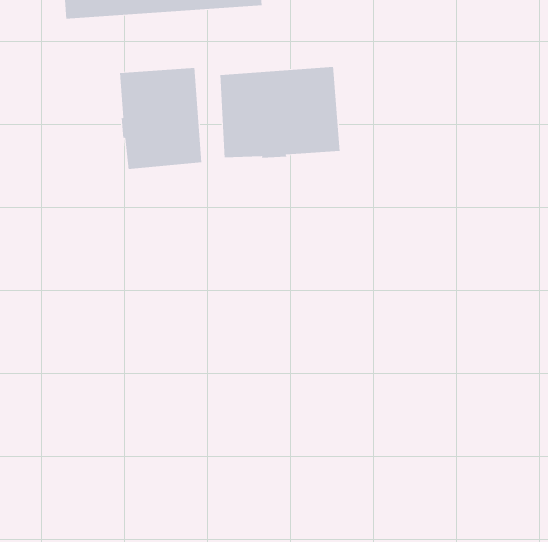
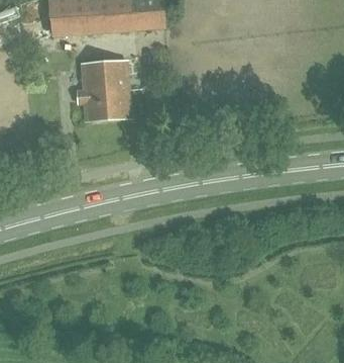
building: [220,66,340,159] -> none

